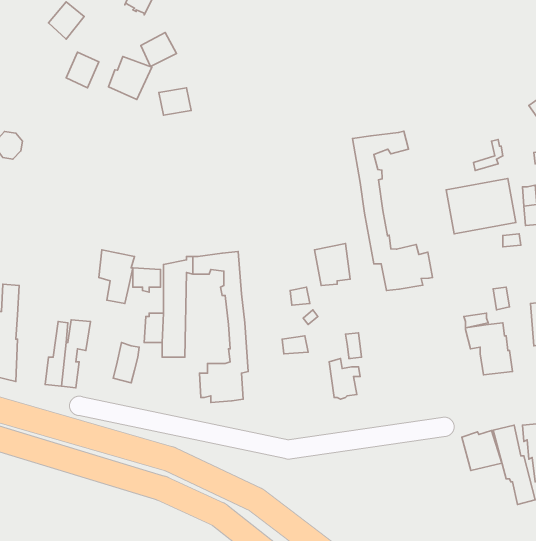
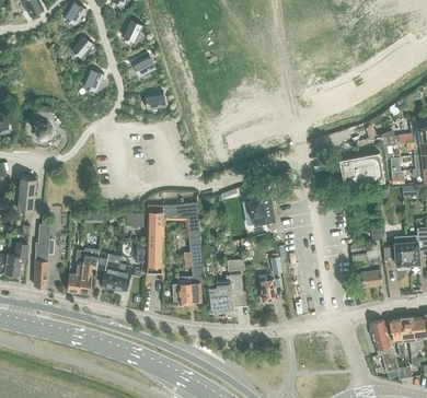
building: [108,56,152,99] -> none
building: [353,131,432,291] -> none
building: [99,250,134,303] -> [96,251,120,288]
building: none -> [207,274,249,314]
building: [462,430,502,471] -> none

